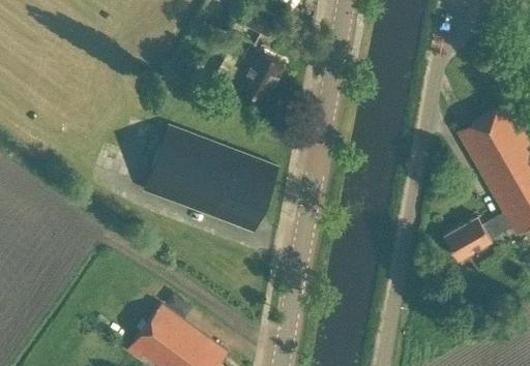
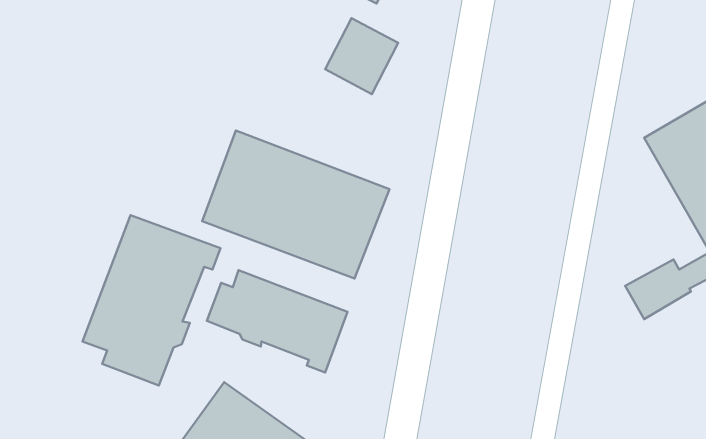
building: none -> [82,215,220,385]
building: none -> [207,270,347,372]

